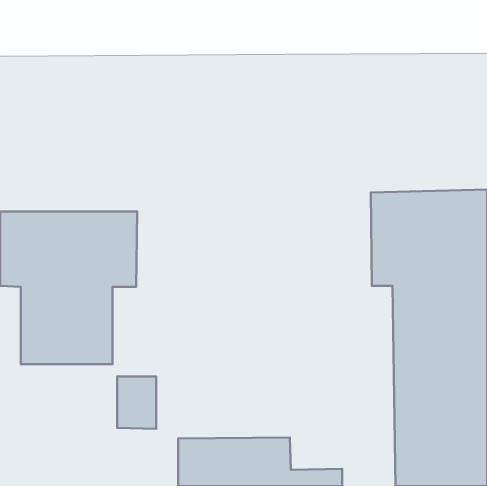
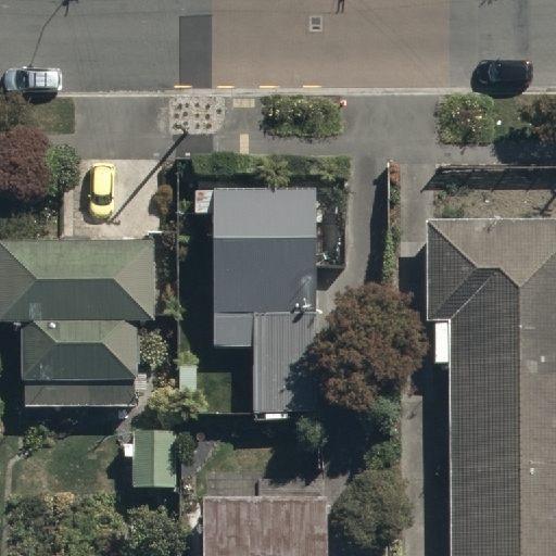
building: none -> [210,190,321,419]

